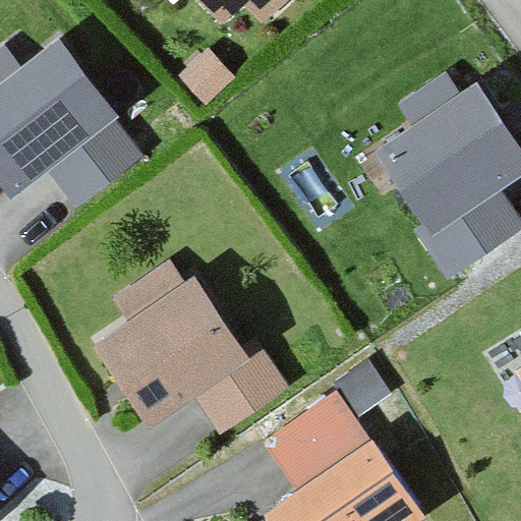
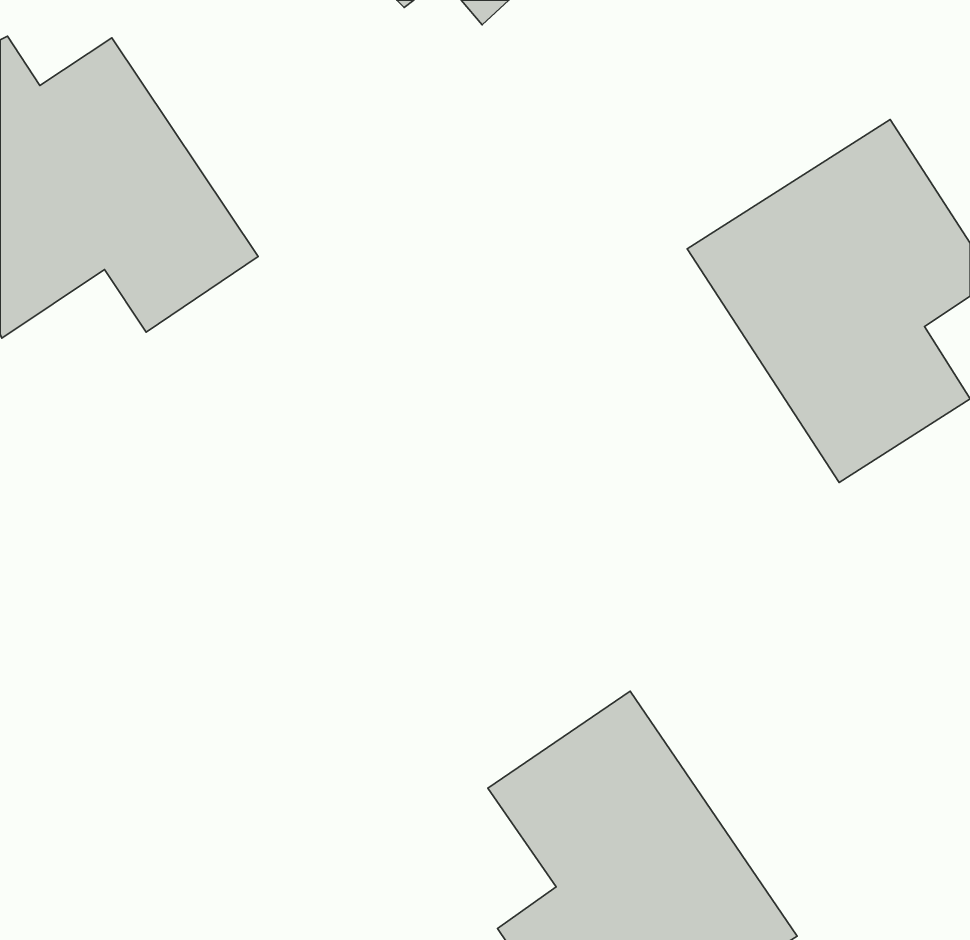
building: [100,259,285,425] -> none

